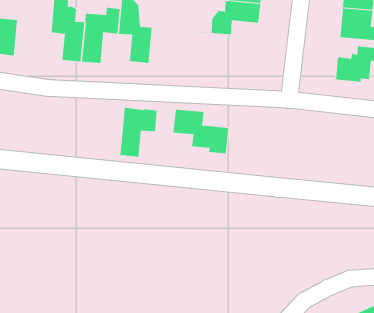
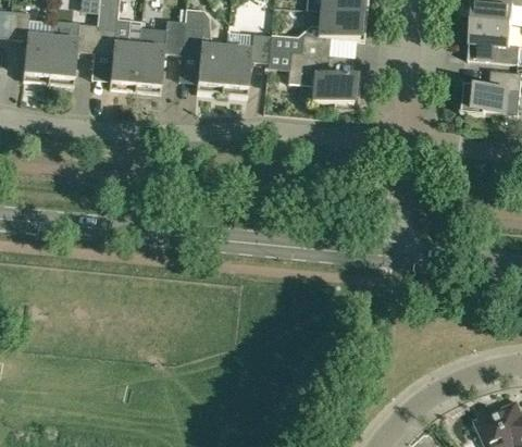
building: none -> [48,22,97,84]
building: [120,107,158,157] -> [222,29,271,94]
building: [173,109,229,154] -> [287,51,360,109]

